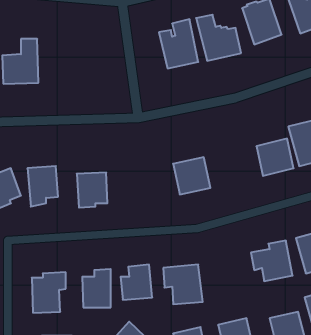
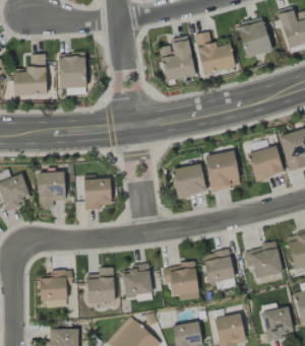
building: none -> [59,53,86,88]
building: none -> [205,150,240,191]
building: none -> [203,250,234,282]

